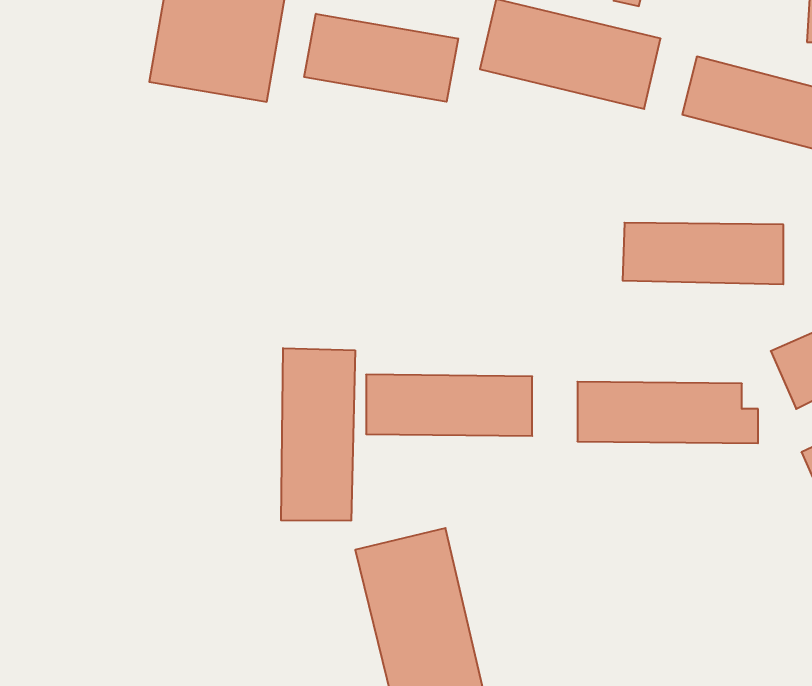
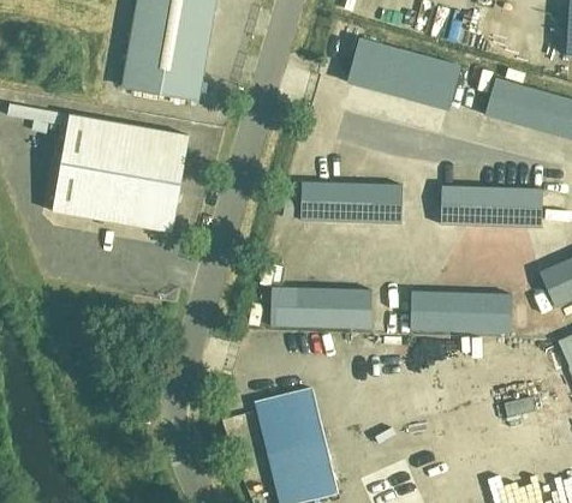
building: [304,14,458,102] -> none
building: none -> [47,114,193,238]
building: none -> [296,181,406,221]
building: [281,348,355,521] -> none

